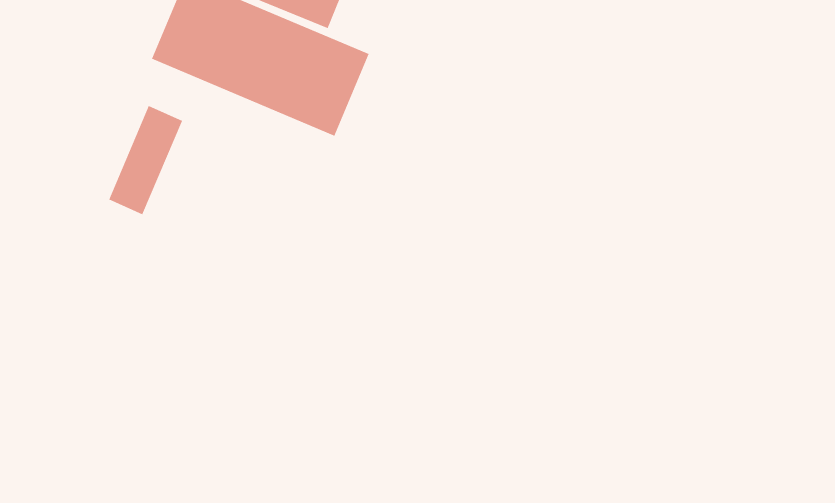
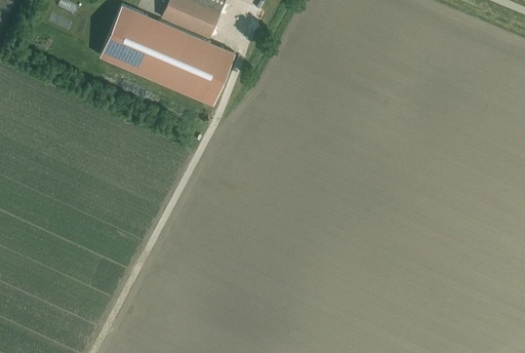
building: [108,105,183,215] -> none

